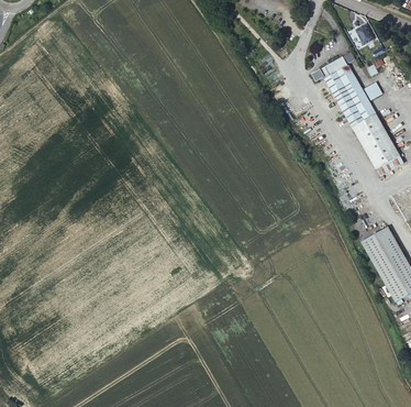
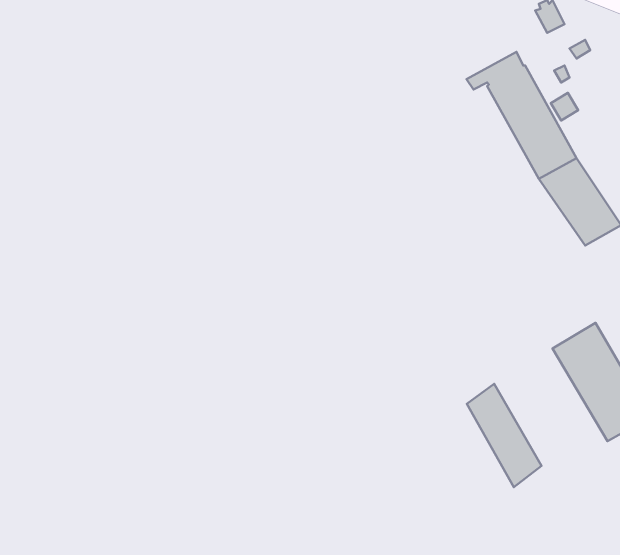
building: none -> [467,384,542,487]

